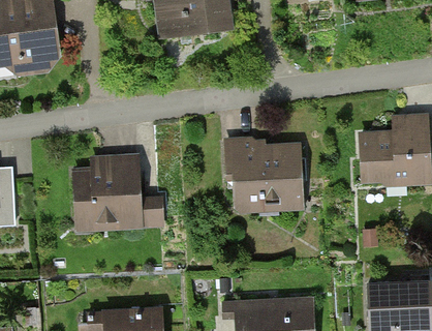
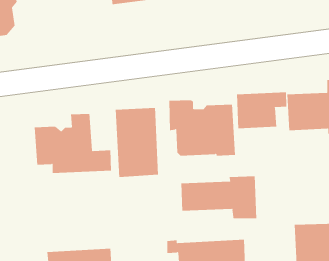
building: none -> [236,91,287,129]
building: none -> [115,107,158,178]
building: none -> [181,175,257,219]

